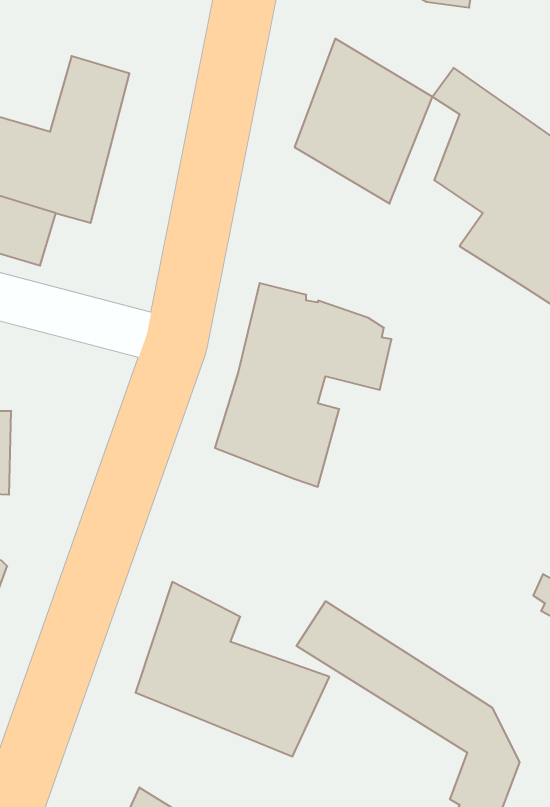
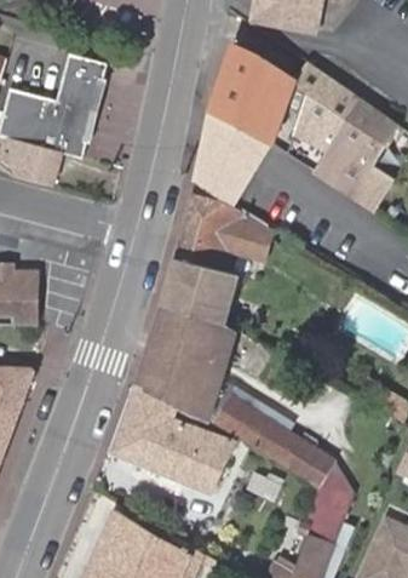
building: none -> [194,111,270,206]
building: none -> [134,299,239,423]

